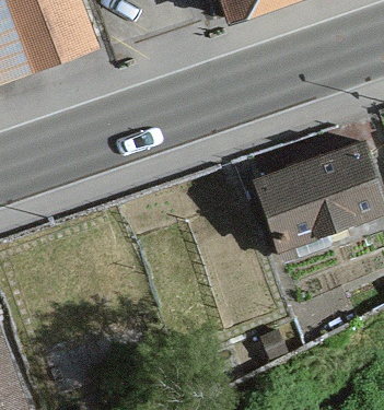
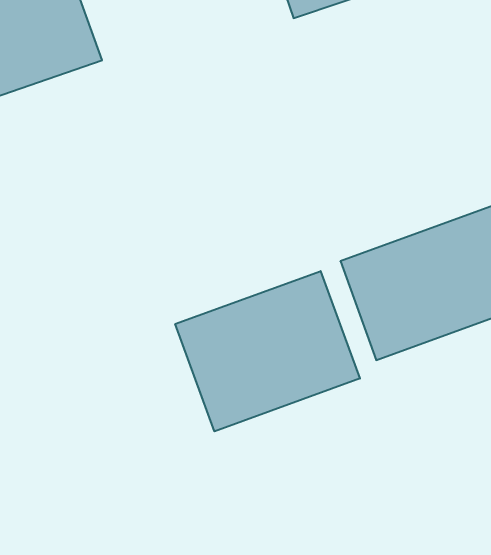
building: none -> [175,271,360,431]

